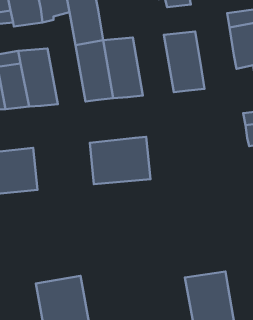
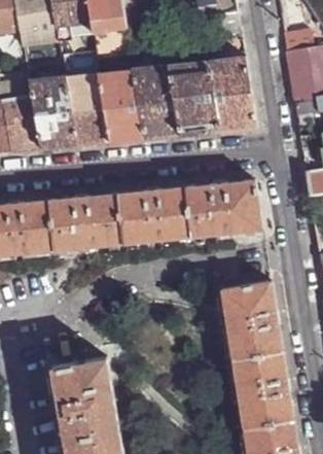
building: none -> [168,62,218,136]
building: none -> [64,74,110,146]
building: none -> [184,179,260,238]
building: none -> [46,194,120,251]
building: none -> [220,281,281,358]

